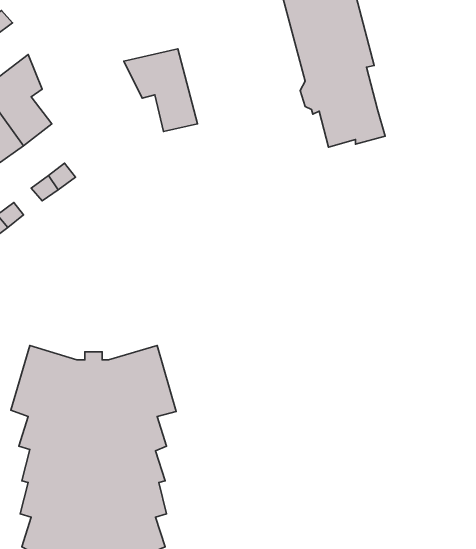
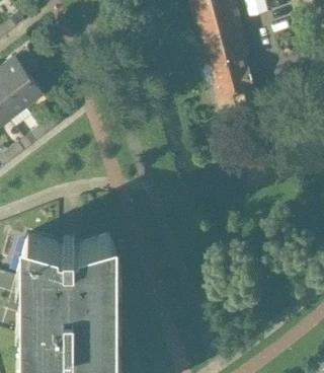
building: [124,49,197,131] -> none

